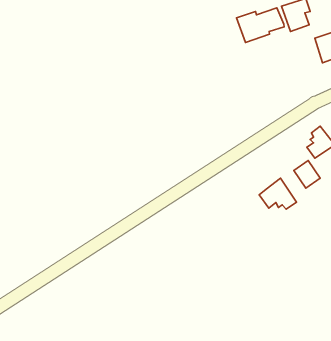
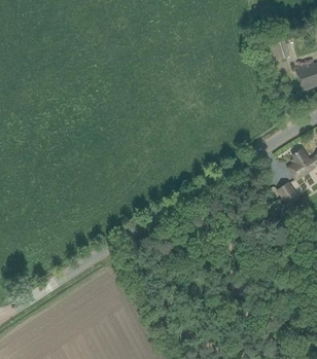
building: [236,8,284,43] -> none
building: [259,178,296,209] -> none

